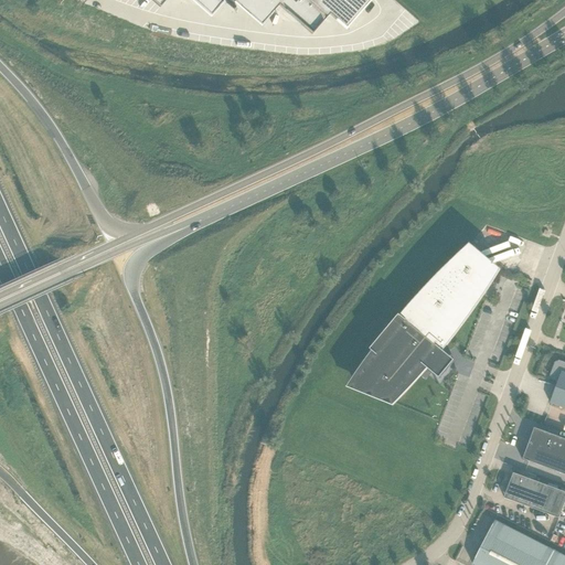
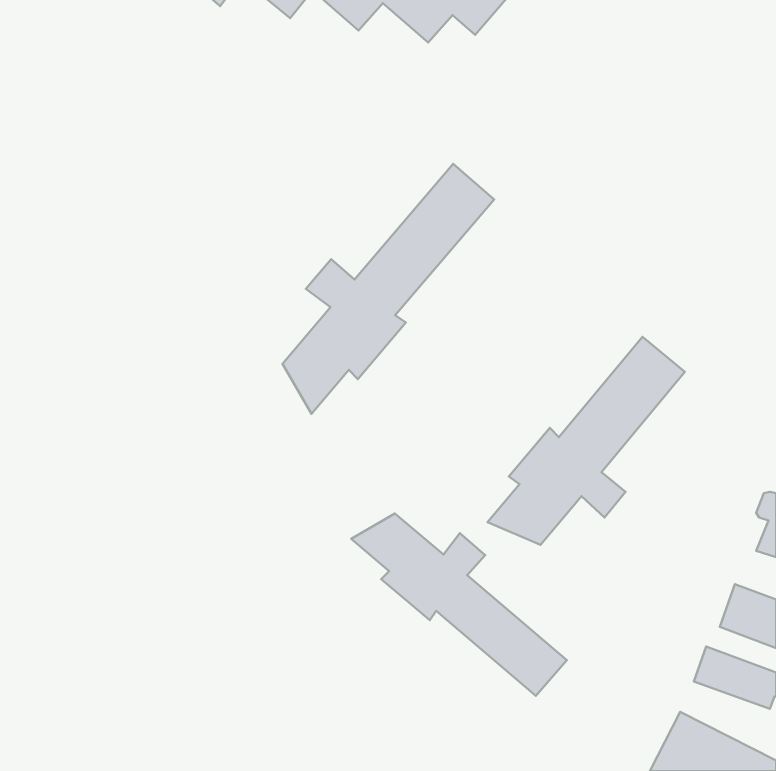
building: none -> [283,164,494,414]
building: none -> [351,513,567,696]

